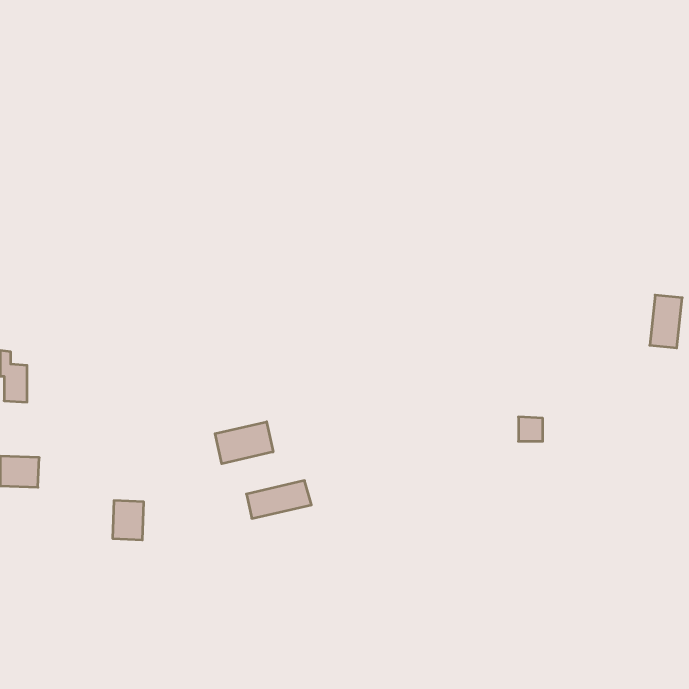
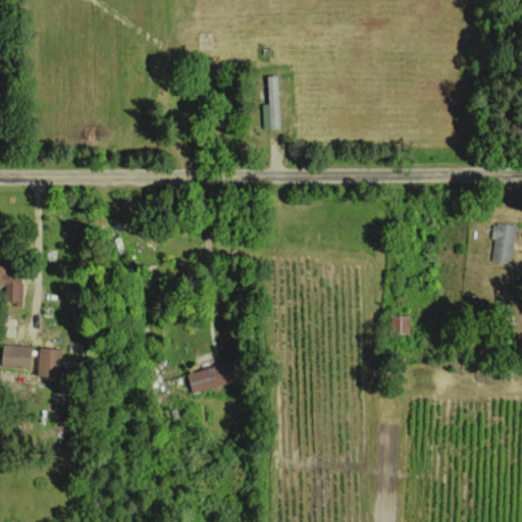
building: none -> [263,76,280,129]
building: [215,422,273,464] -> none
building: [113,501,144,540] -> [38,349,61,378]

